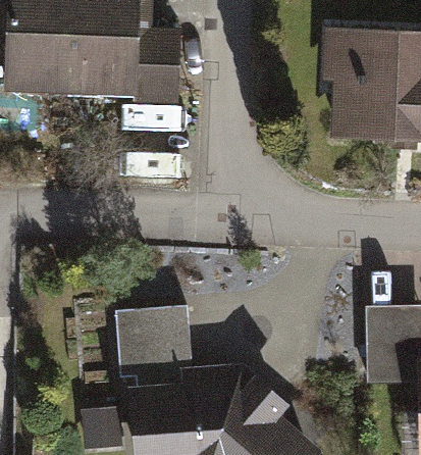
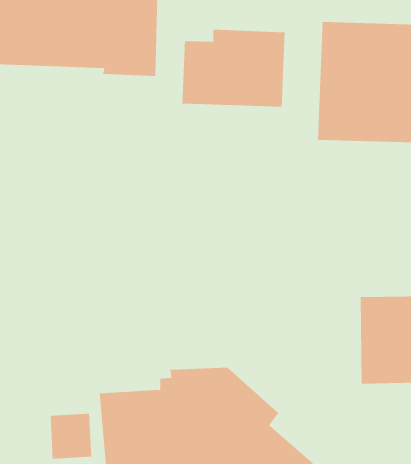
building: none -> [182,29,285,108]
building: [118,305,194,377] -> none

